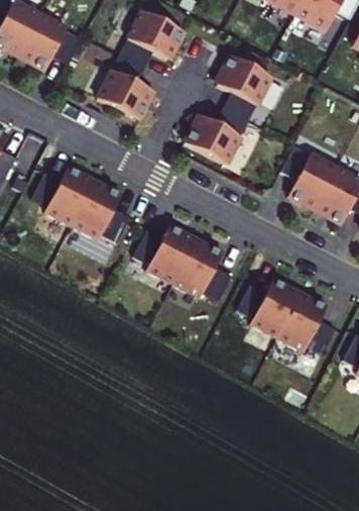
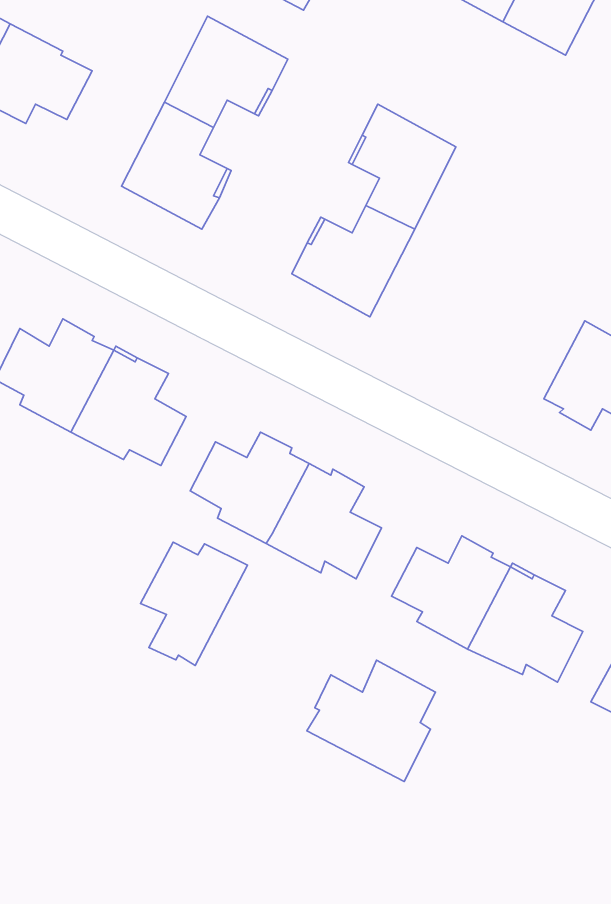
building: [277,150,337,207] -> none
building: none -> [140,542,247,666]
building: none -> [307,660,436,782]

